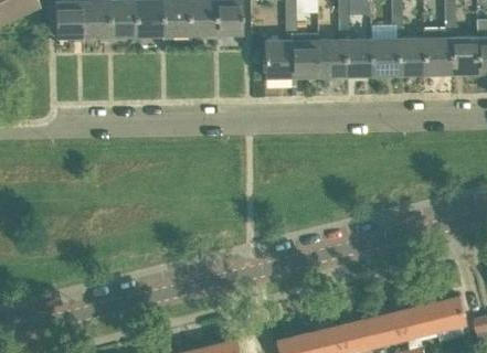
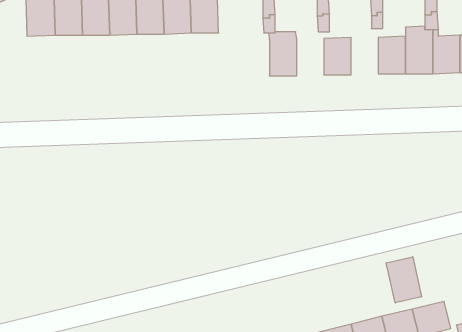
building: [369,40,395,76] -> none
building: [316,41,342,77] -> none
building: [262,42,289,78] -> none
building: none -> [386,257,422,303]

